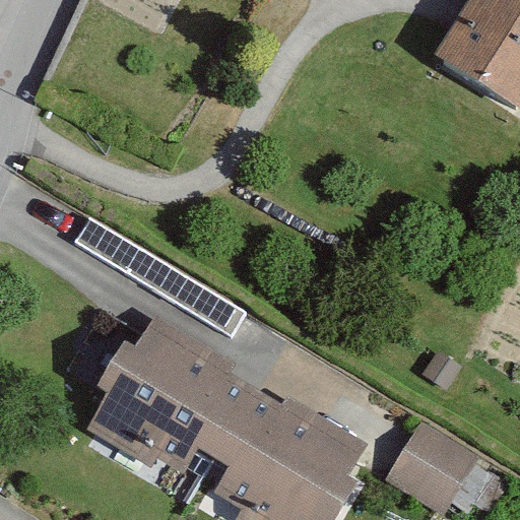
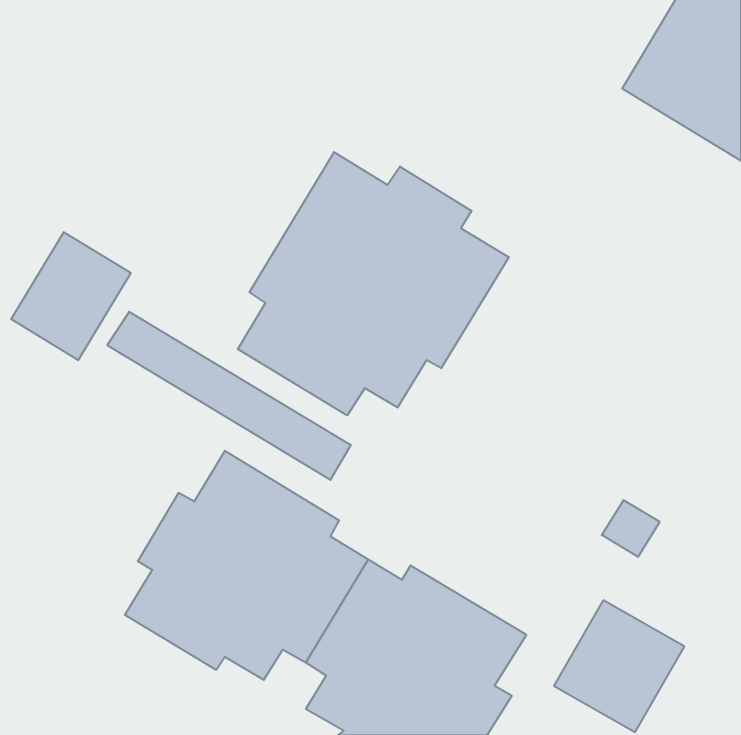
building: none -> [238,152,509,415]
building: none -> [11,232,131,360]

